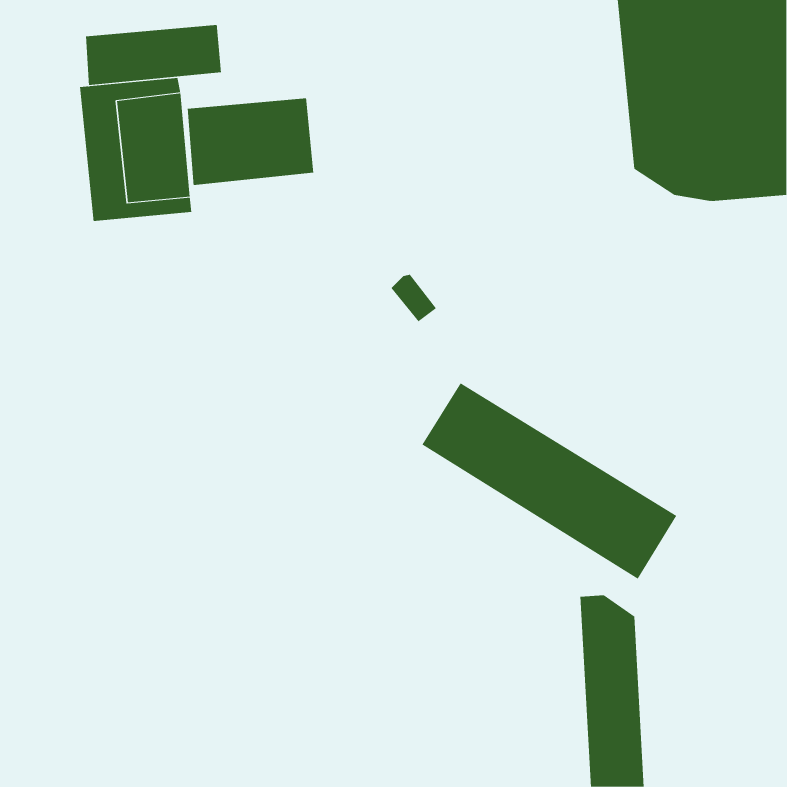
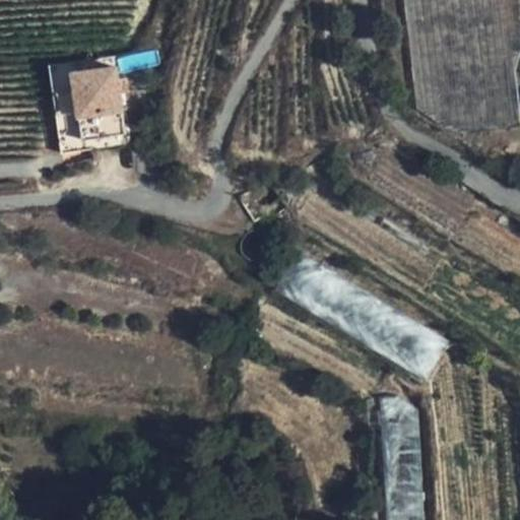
building: [86,24,222,86] -> none
building: [187,98,314,186] -> none

